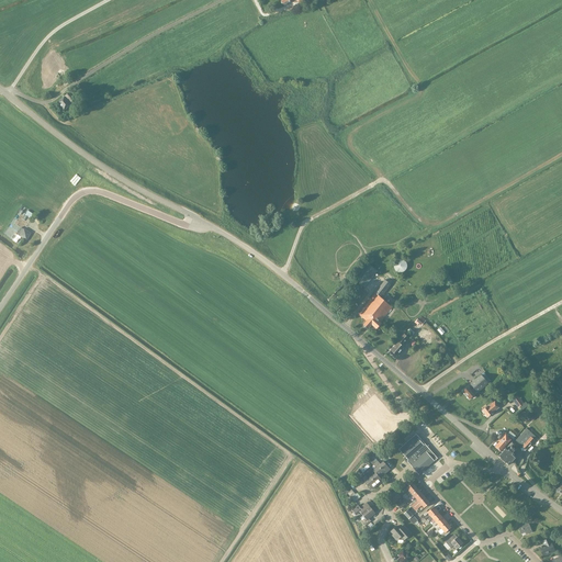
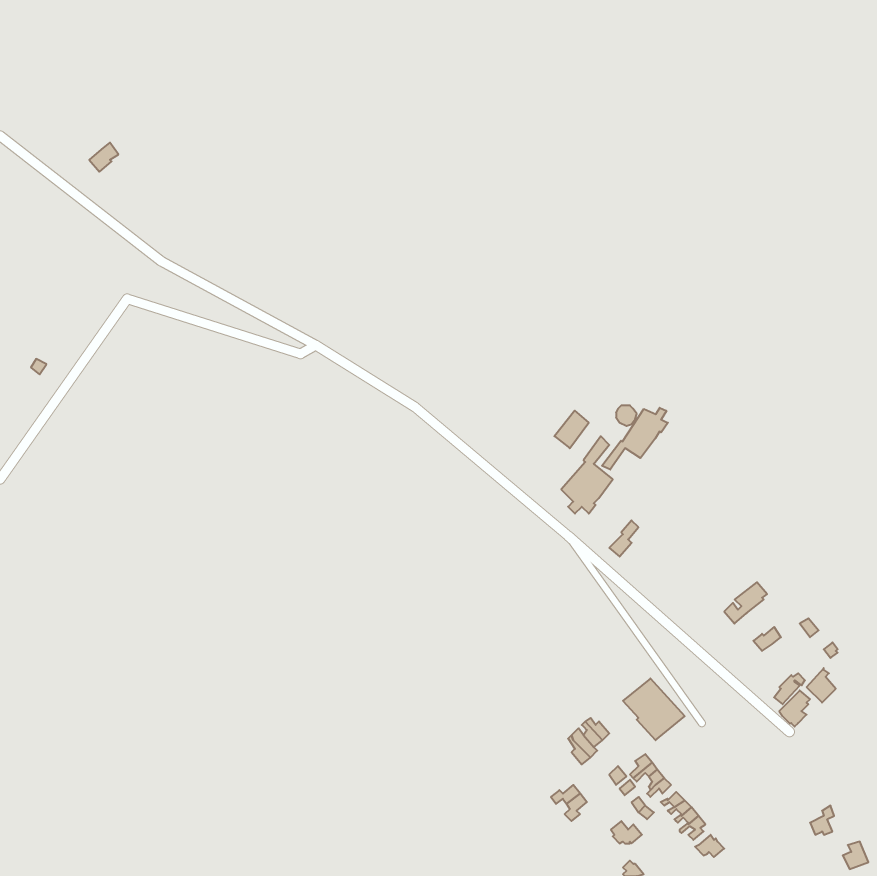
building: none -> [602,408,668,470]

